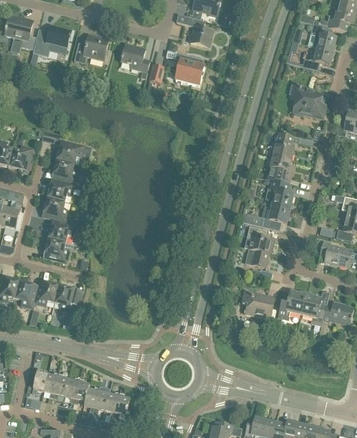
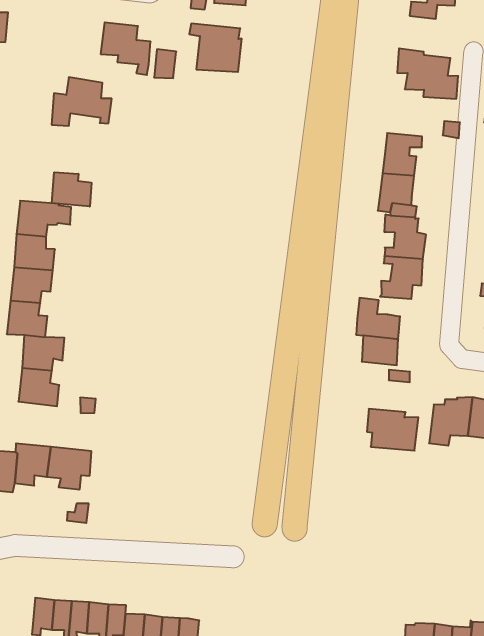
building: [74,33,111,63] -> [52,77,112,126]
building: none -> [52,172,91,207]

